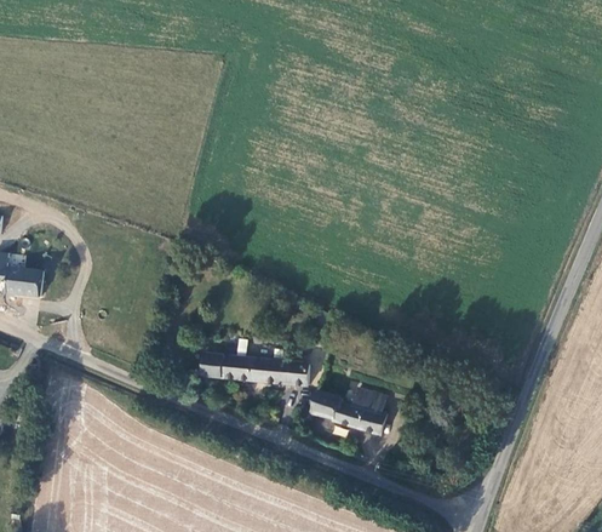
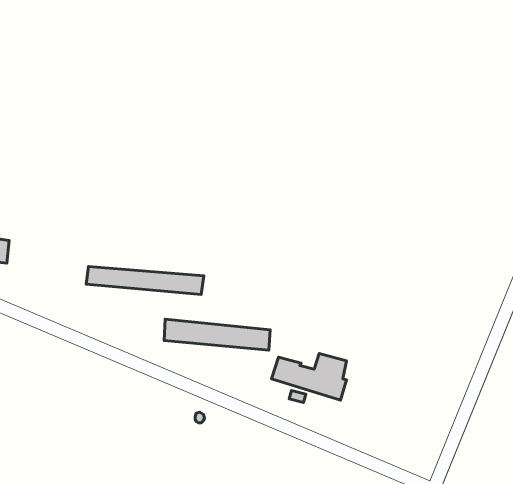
building: none -> [86,266,204,295]

